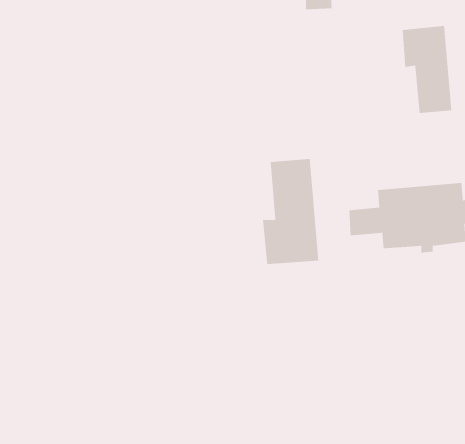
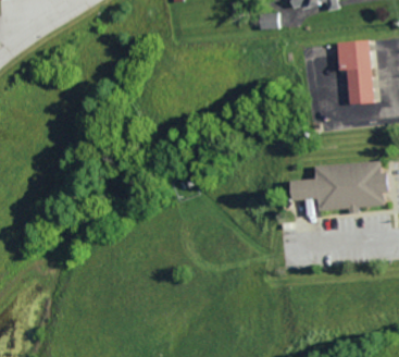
building: [263,158,319,265] -> none

